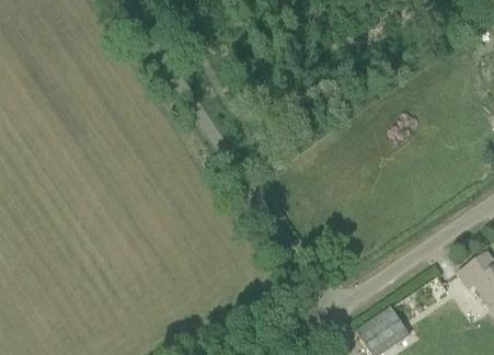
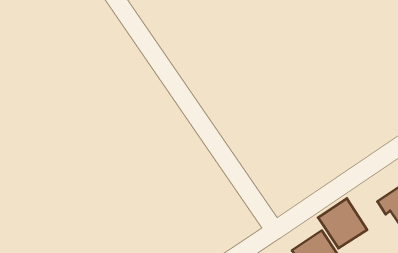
building: none -> [318,198,367,248]

